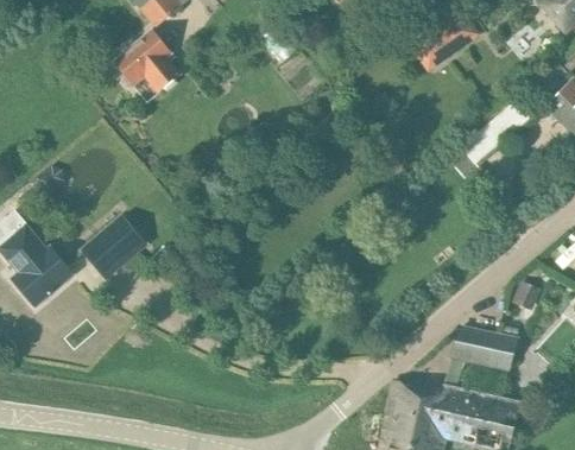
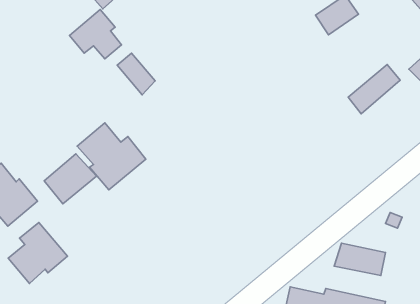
building: none -> [117,53,155,95]
building: none -> [77,123,146,190]
building: none -> [8,222,67,283]

